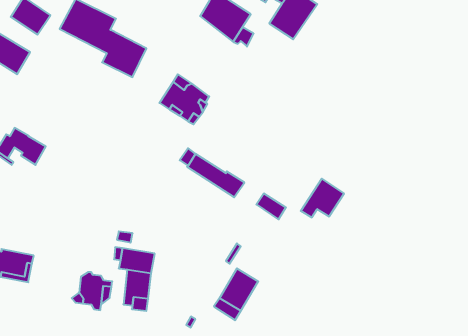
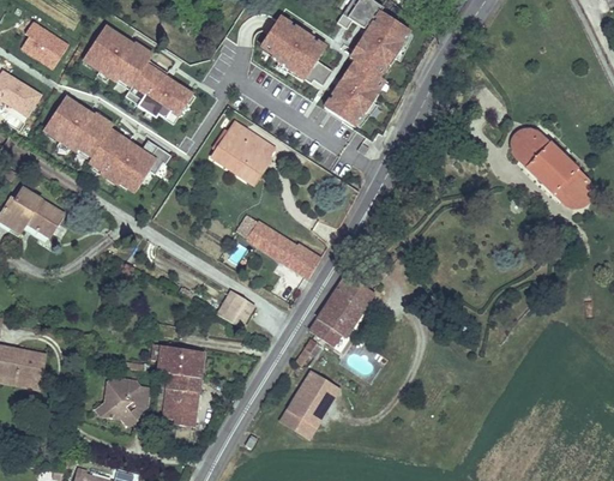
building: none -> [325,58,390,126]
building: none -> [38,95,159,187]
building: none -> [511,130,591,208]
building: [301,179,344,217] -> [308,289,365,339]
building: none -> [217,290,254,327]

